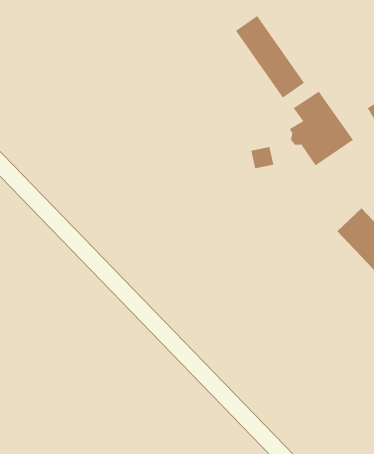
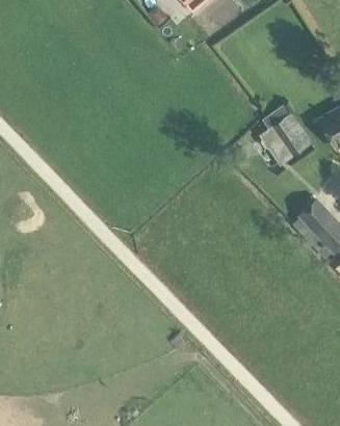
building: [235,15,305,99] -> none

